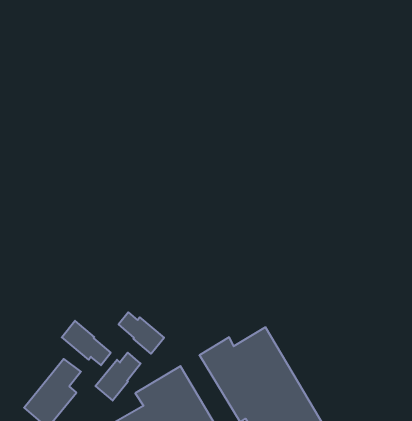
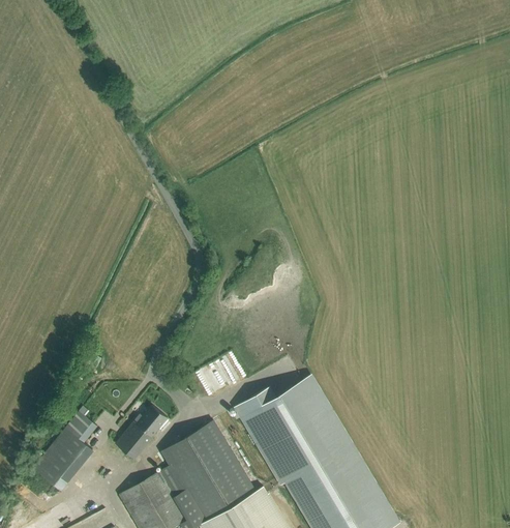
building: [119,312,164,354] -> none
building: [62,321,111,365] -> none

